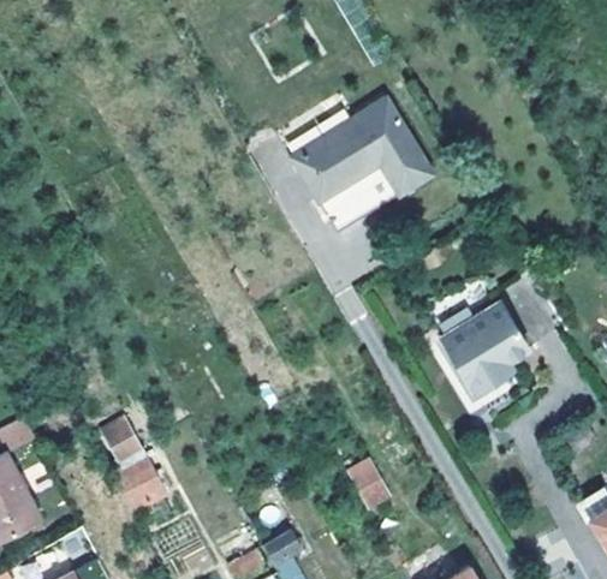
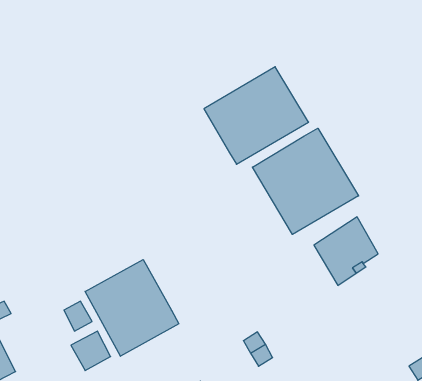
building: none -> [252,128,359,234]
building: none -> [85,260,179,356]

